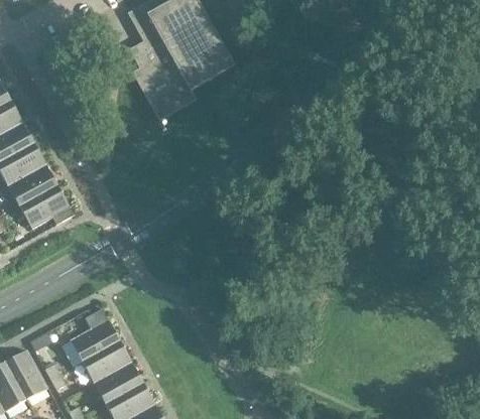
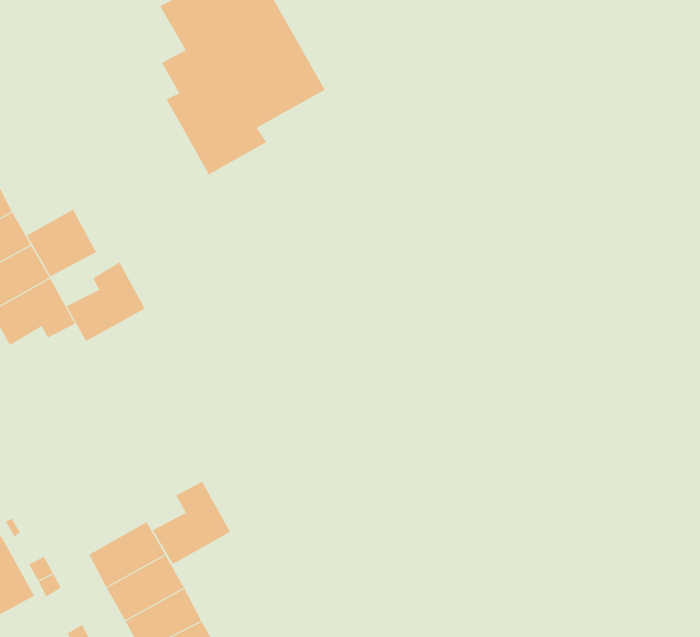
building: none -> [26,209,97,277]
building: none -> [66,262,145,342]
building: [70,308,120,362] -> [152,481,231,565]

